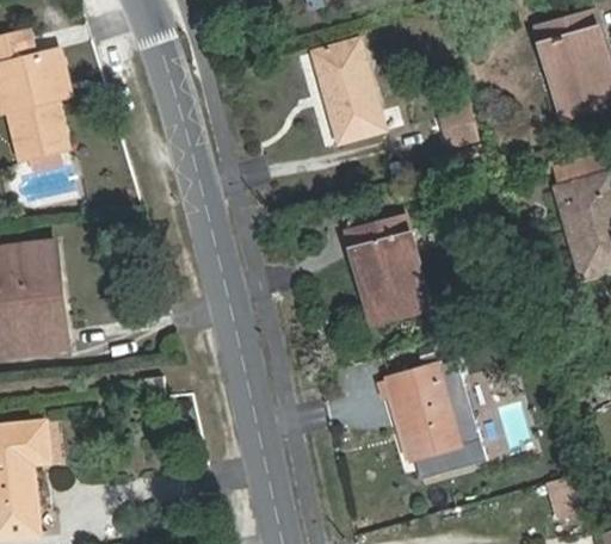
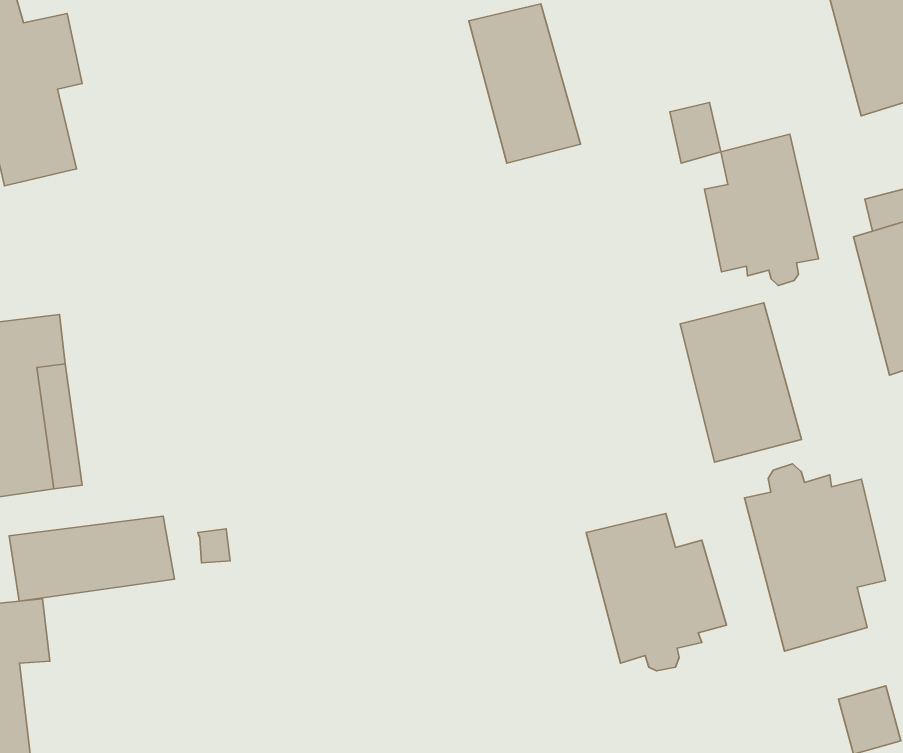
building: none -> [704,134,819,285]
building: [351,220,427,320] -> [680,303,802,462]
building: none -> [744,464,886,651]
building: none -> [9,516,174,601]

